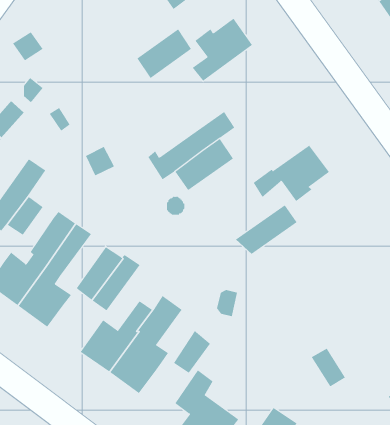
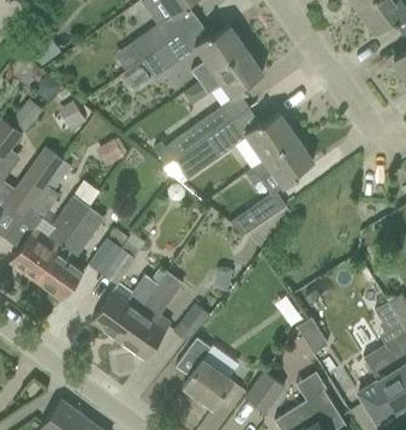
building: none -> [130,18,179,61]
building: none -> [201,49,263,100]
building: none -> [244,114,295,161]

